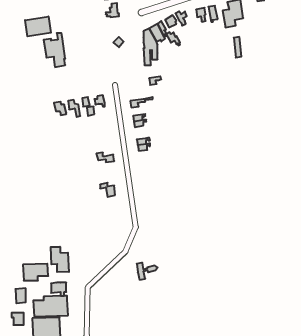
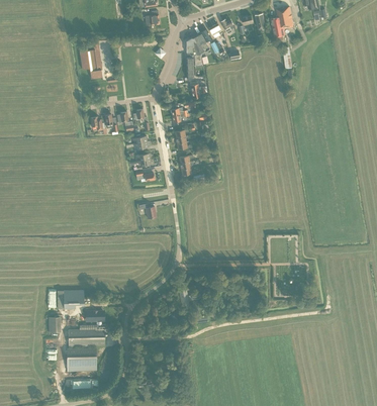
building: [25,16,51,36] -> none
building: [51,247,69,272] -> none

